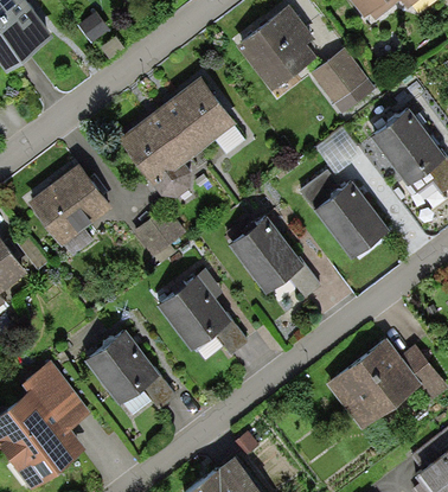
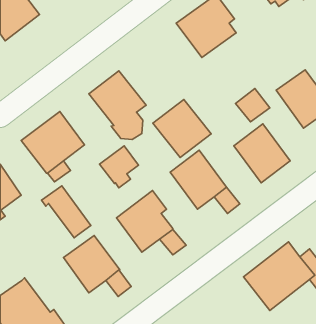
building: [312,50,377,116] -> none
building: [160,76,238,154] -> [153,99,211,157]
building: [24,363,90,433] -> [41,186,91,238]

